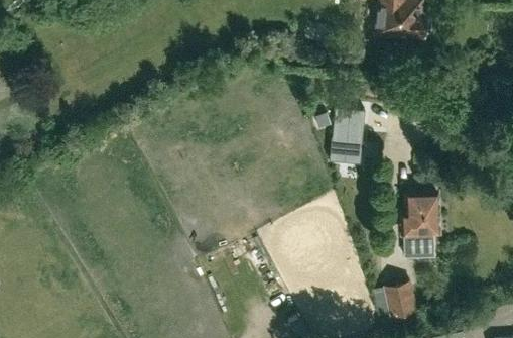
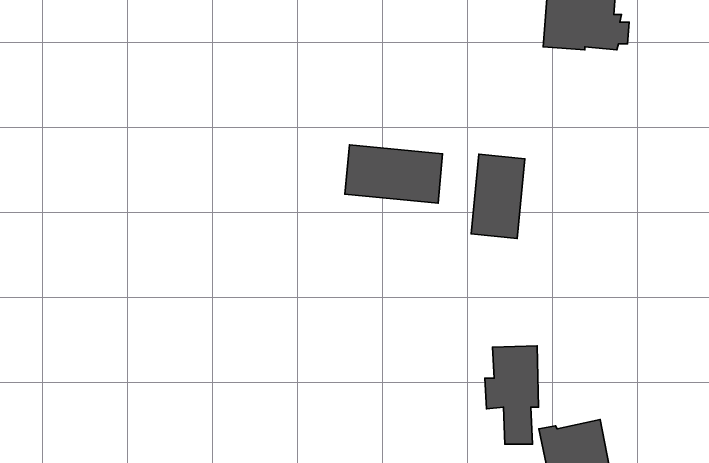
building: none -> [345,145,443,203]
building: [402,195,437,259] -> [485,346,539,444]

